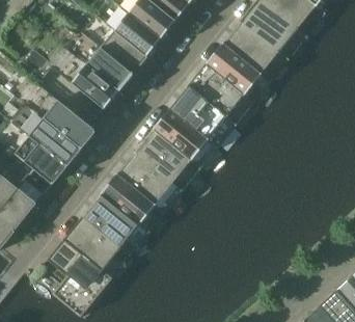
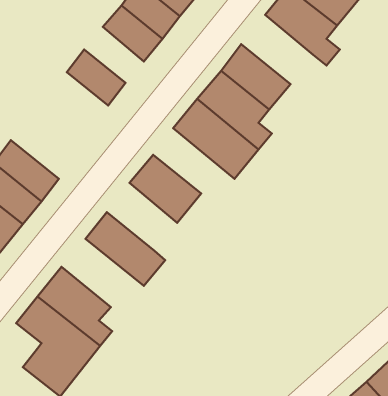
building: [222,20,278,74] -> none
building: [100,29,146,73] -> none
building: [72,64,118,109] -> none
building: [43,100,94,147] -> none
building: [154,108,217,167] -> none
building: [117,151,172,204] -> none
building: [82,194,138,247] -> none

